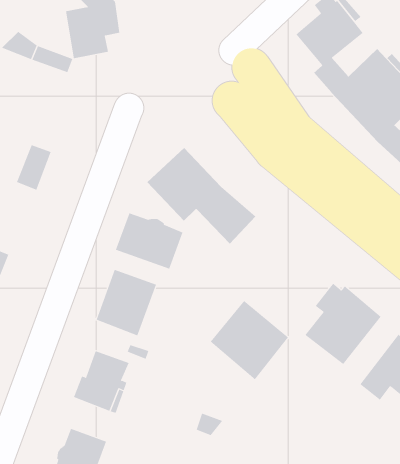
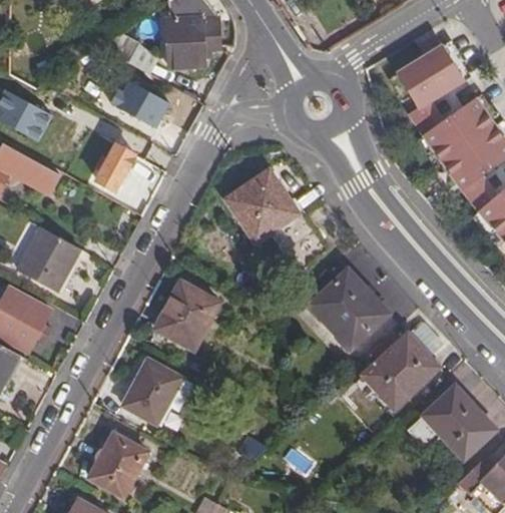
building: none -> [112,78,169,127]
building: [115,213,183,270] -> none
building: [210,300,289,380] -> [310,267,388,347]

